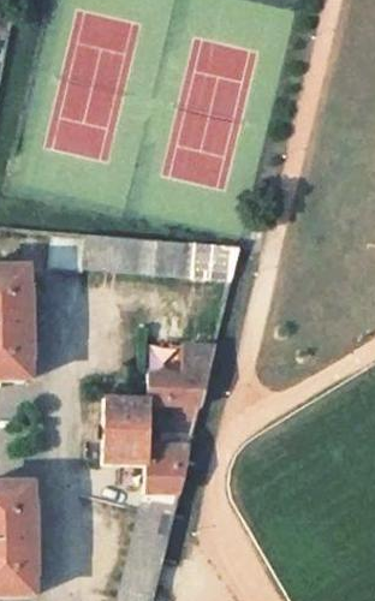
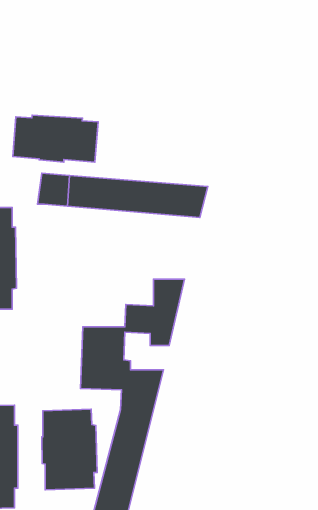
building: none -> [13,115,98,162]
building: none -> [42,409,97,490]

